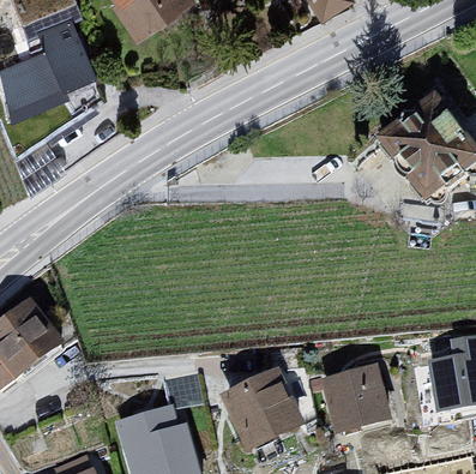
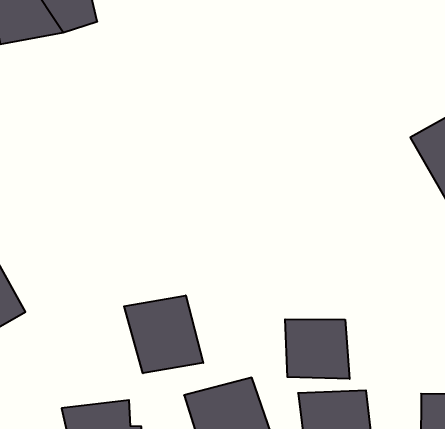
building: none -> [285,319,350,379]
building: none -> [124,295,203,373]

